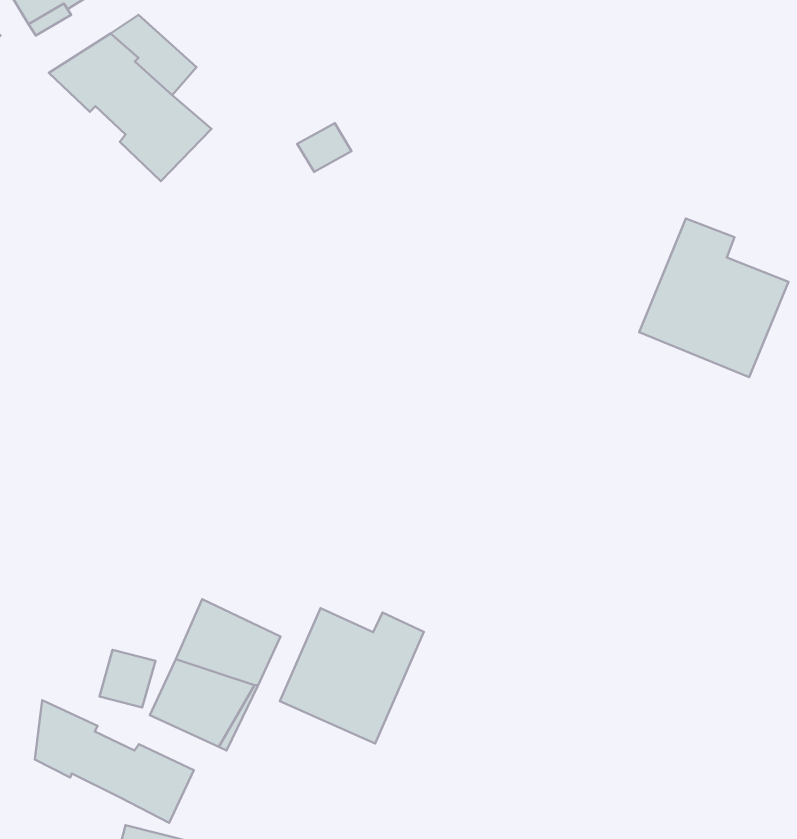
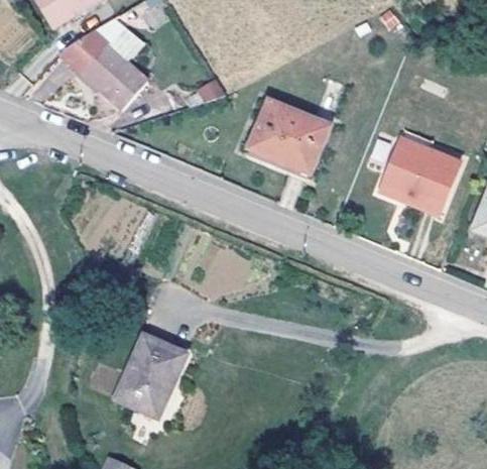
building: none -> [248,101,328,173]
building: [280,608,424,743] -> none
building: [35,700,194,823] -> none

